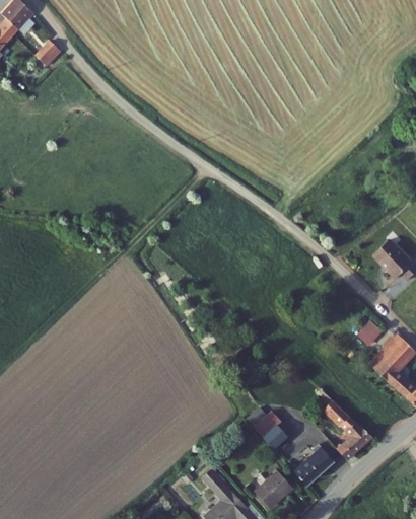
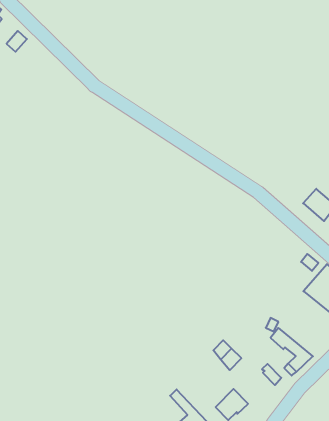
building: [291,454,327,486] -> none

